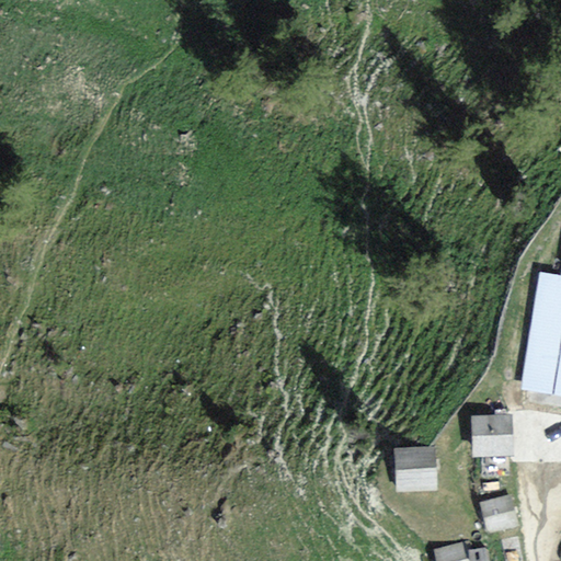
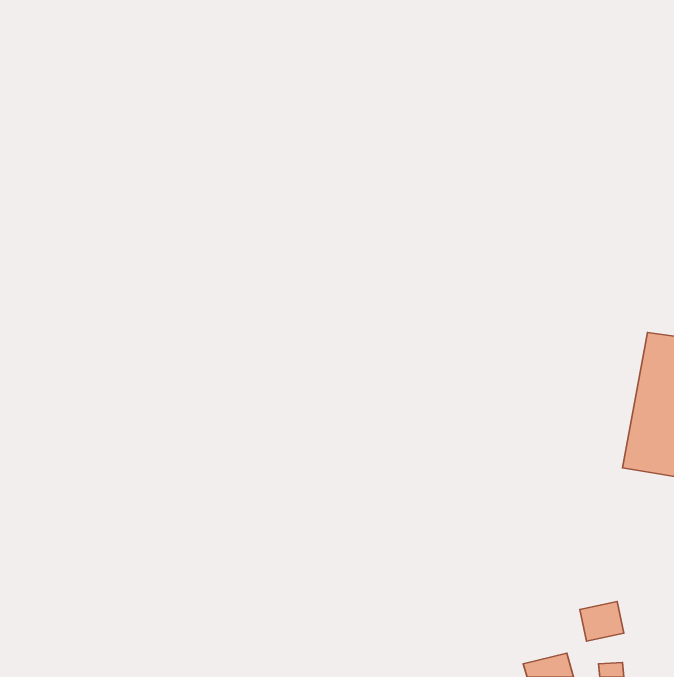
building: [474,415,514,454] -> none
building: [397,449,437,488] -> none

